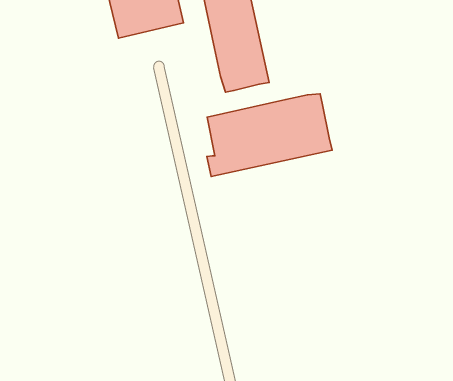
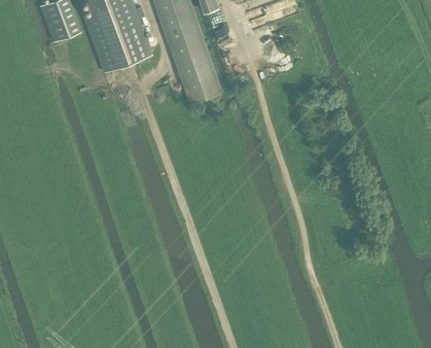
building: [207,94,332,177] -> none

